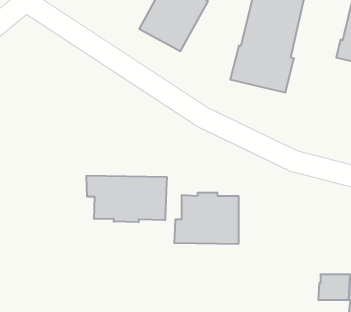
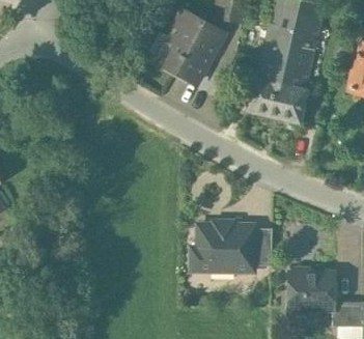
building: [87,176,167,222] -> none
building: none -> [254,228,273,265]
building: none -> [288,269,334,310]

